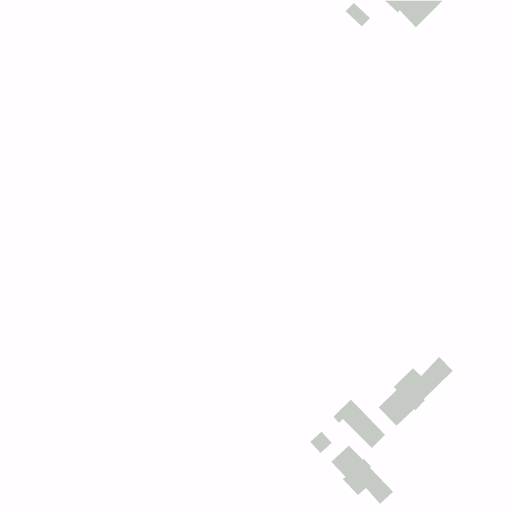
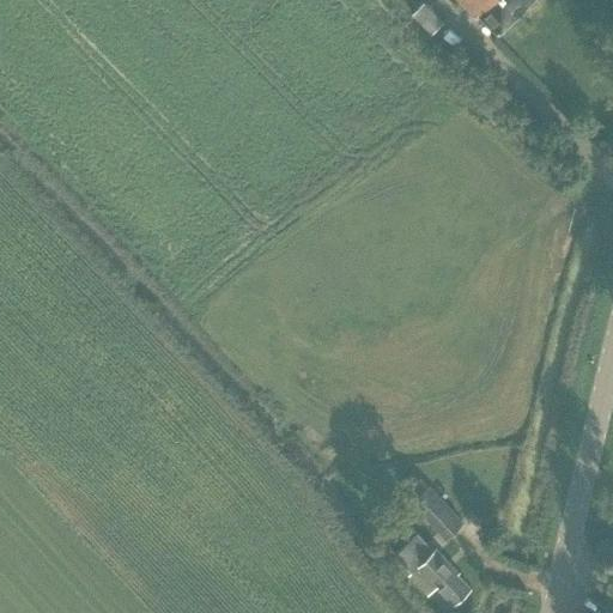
building: [378,356,454,427] -> none

